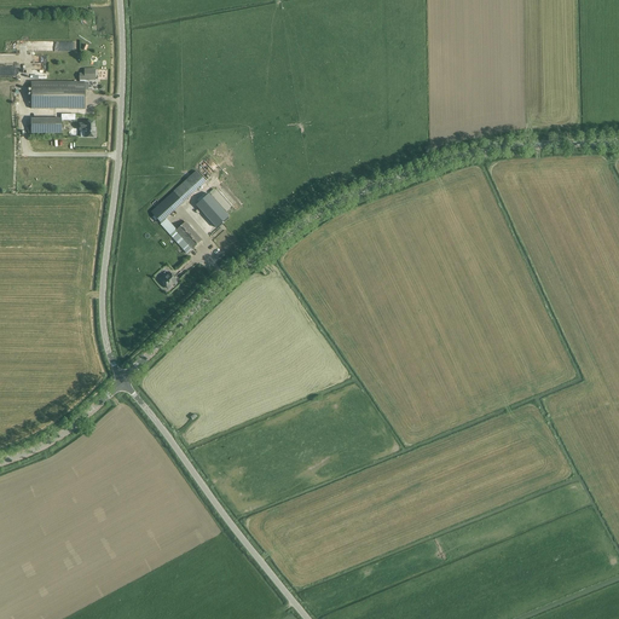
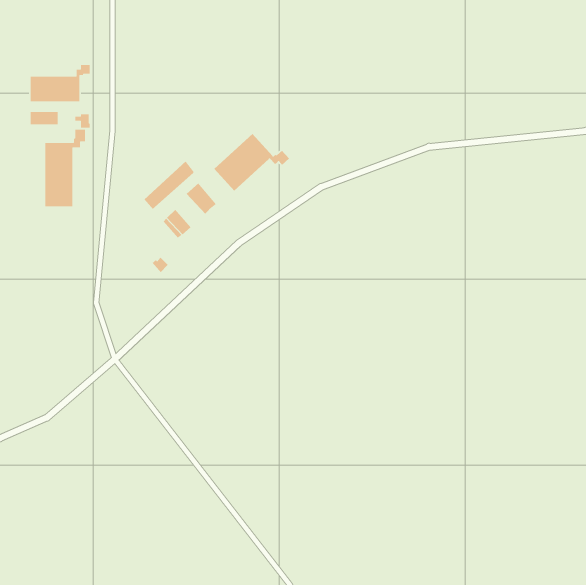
building: none -> [44,129,86,207]
building: none -> [214,133,290,191]

